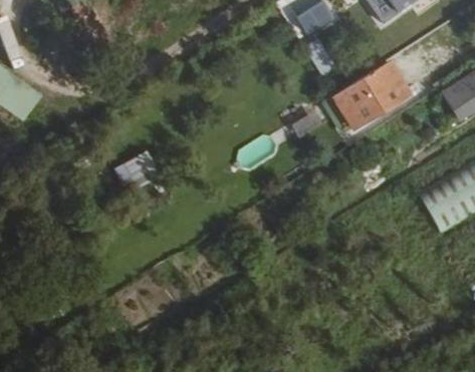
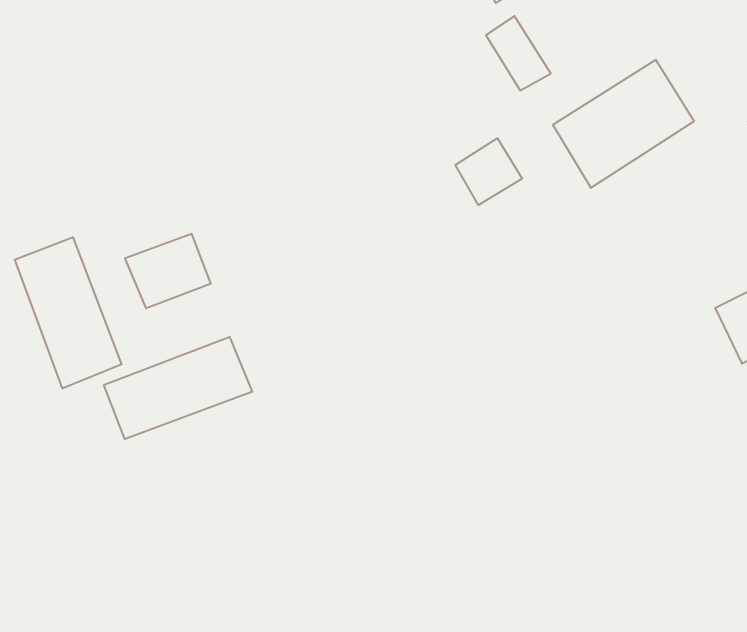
building: none -> [15,237,121,389]
building: none -> [104,337,252,439]

